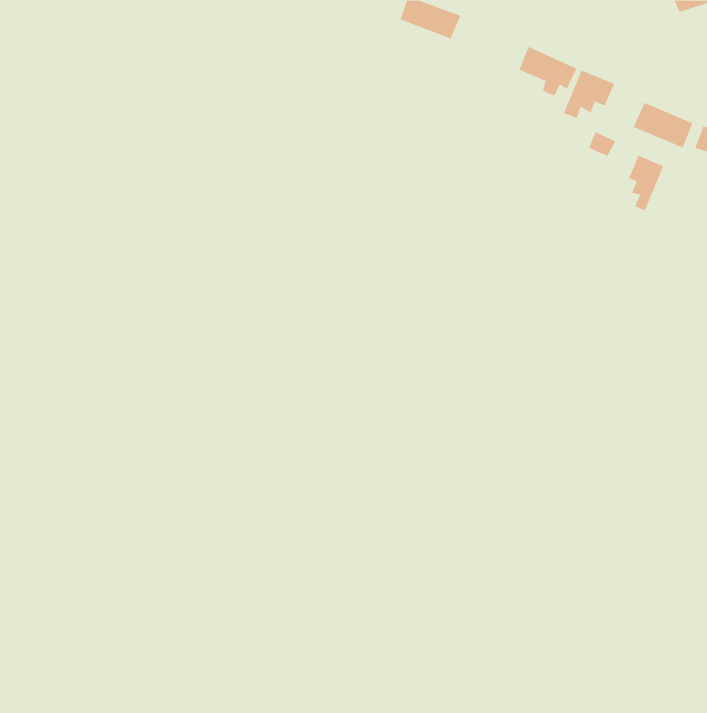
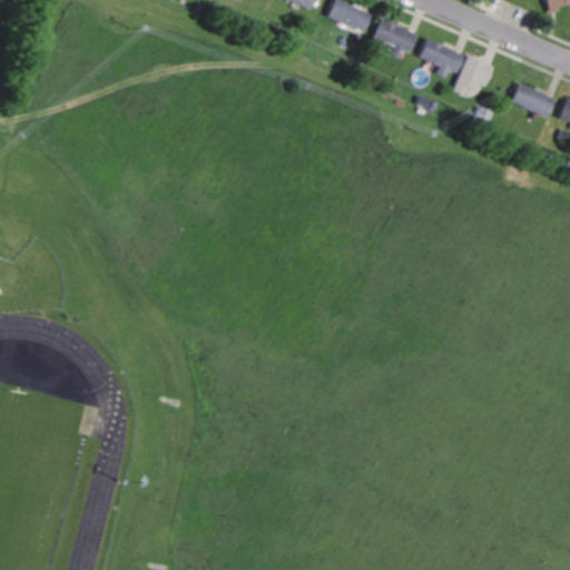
building: none -> [373,21,417,58]
building: [629,155,664,211] -> none

